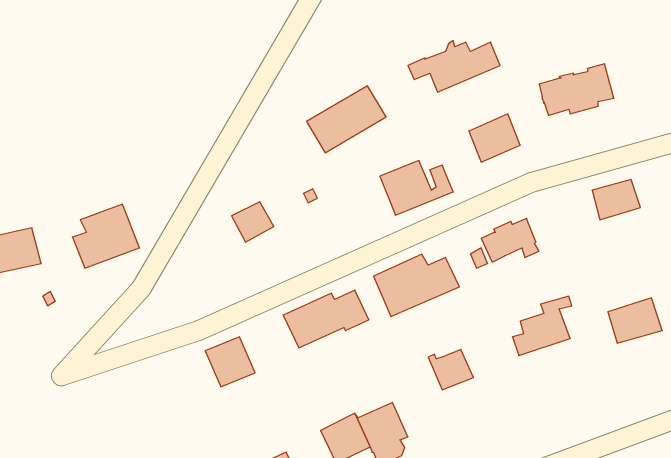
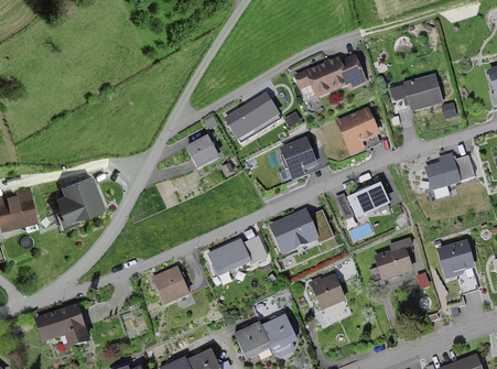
building: [232,202,274,242] -> [186,138,216,166]
building: none -> [35,306,86,344]

